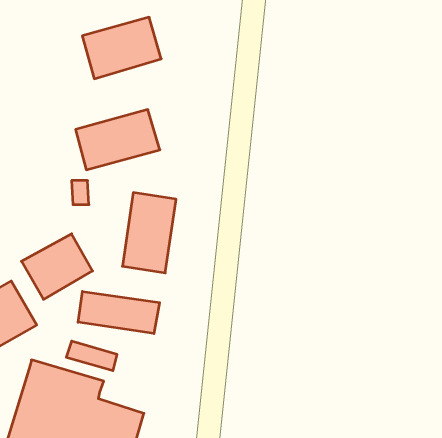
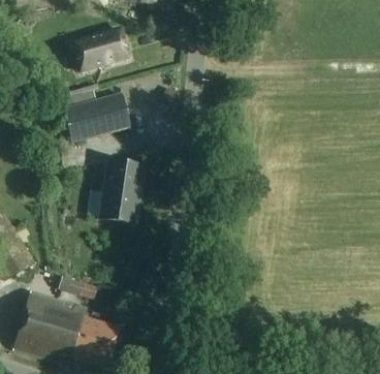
building: [21,234,93,299] -> none
building: [78,291,160,334] -> none

